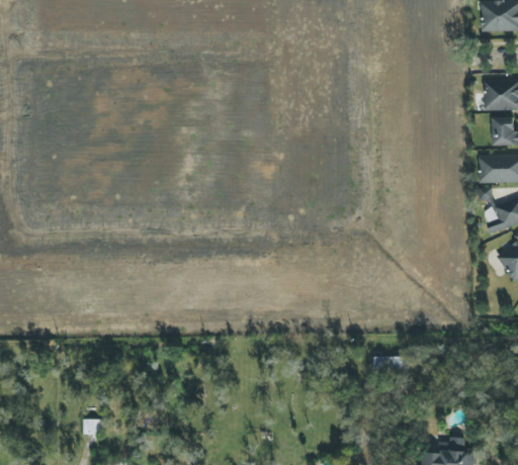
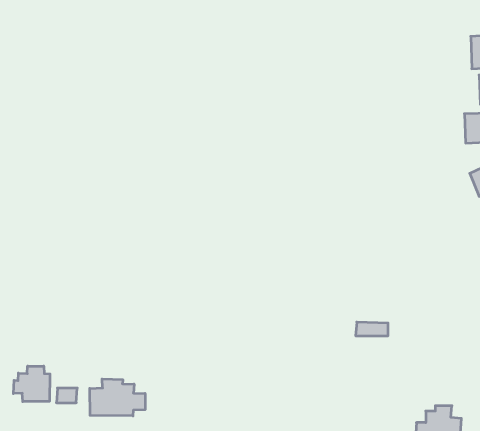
building: none -> [13,366,50,402]
building: none -> [90,379,145,416]

